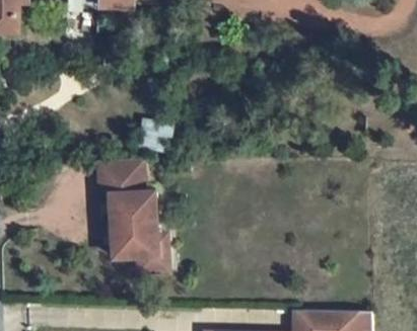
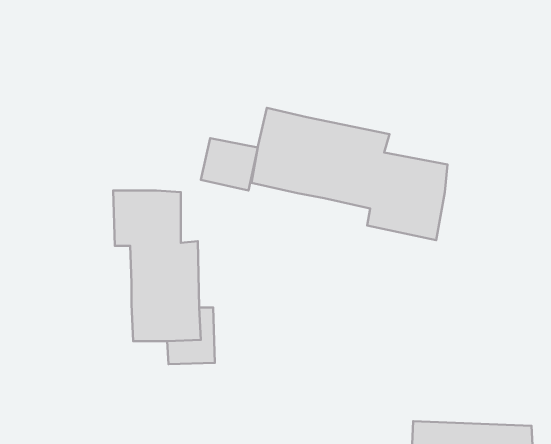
building: none -> [251,108,448,240]

